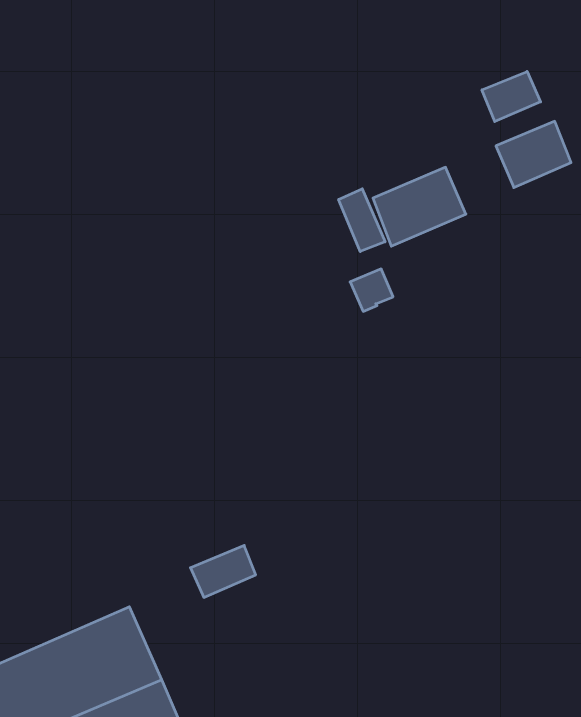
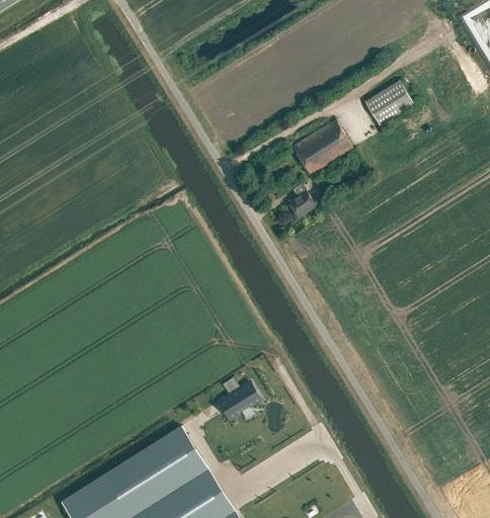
building: [482,71,541,122] -> none
building: [339,189,385,252] -> none

